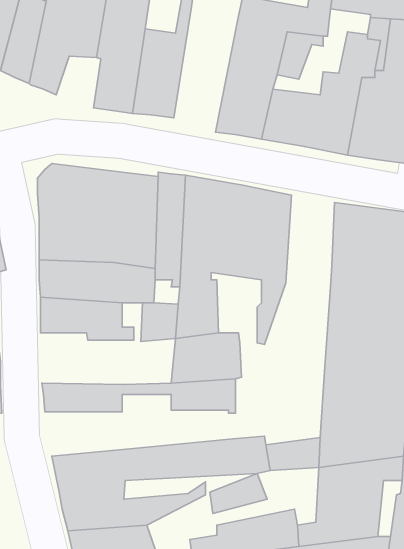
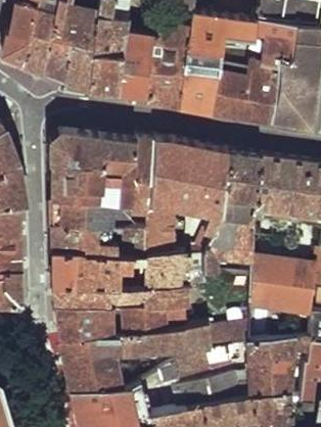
building: none -> [146,21,192,109]
building: none -> [62,55,94,92]
building: none -> [207,154,261,280]
building: none -> [51,252,110,289]
building: none -> [124,307,188,334]
building: none -> [54,309,102,340]

